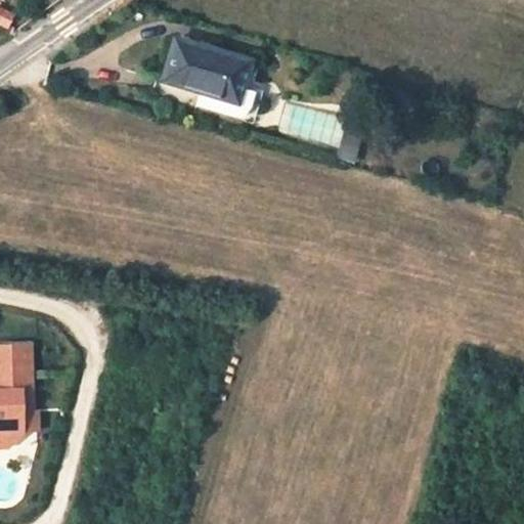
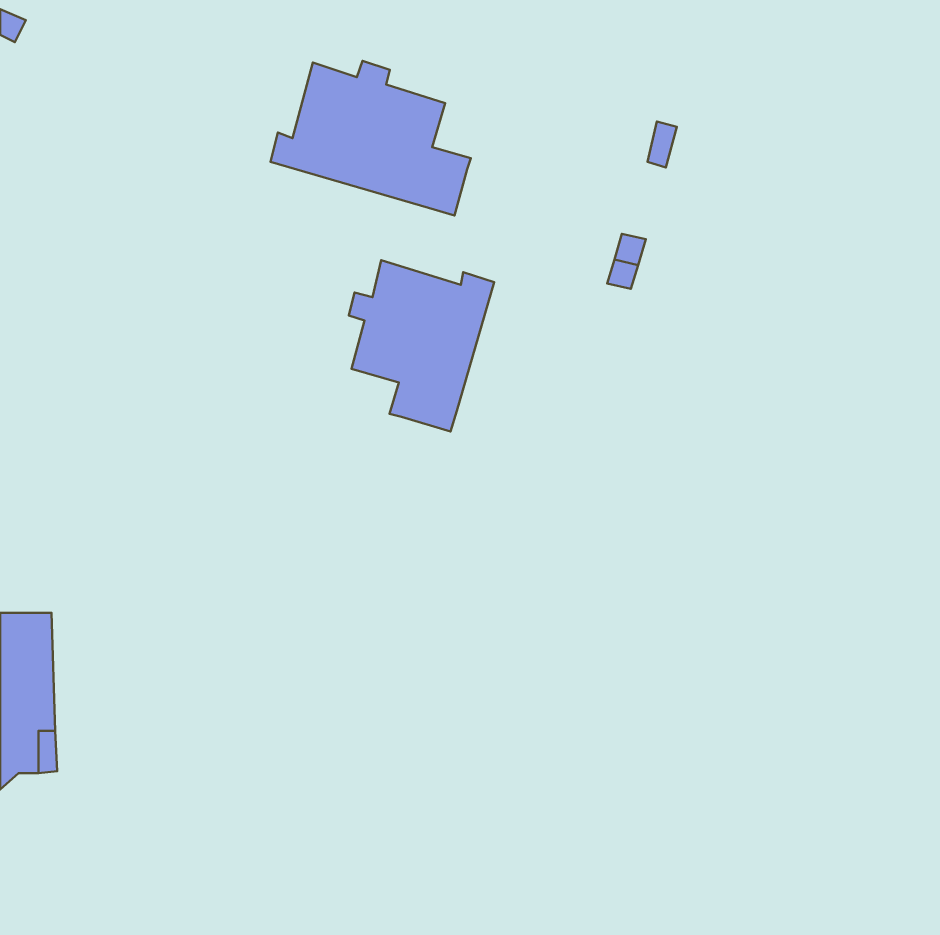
building: none -> [349,260,494,432]

